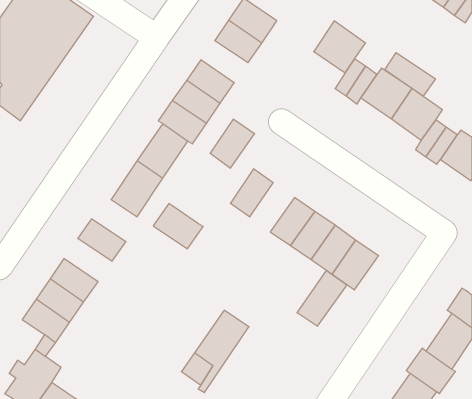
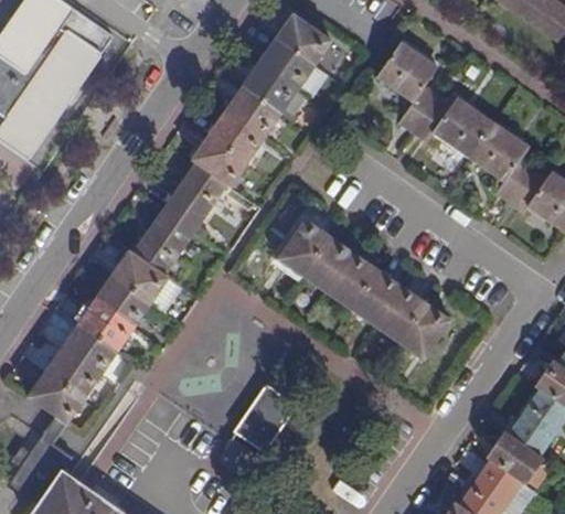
building: none -> [241,63,297,114]
building: [385,53,435,96] -> none
building: [210,119,255,168] -> [299,233,352,291]
building: [153,204,203,249] -> [110,249,170,303]
building: none -> [77,299,135,351]
building: [297,270,347,326] -> none

